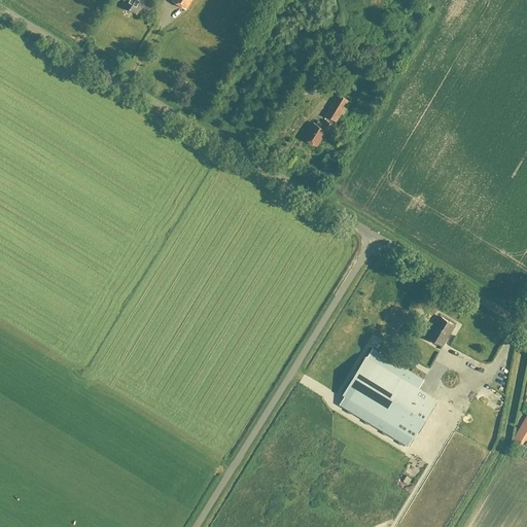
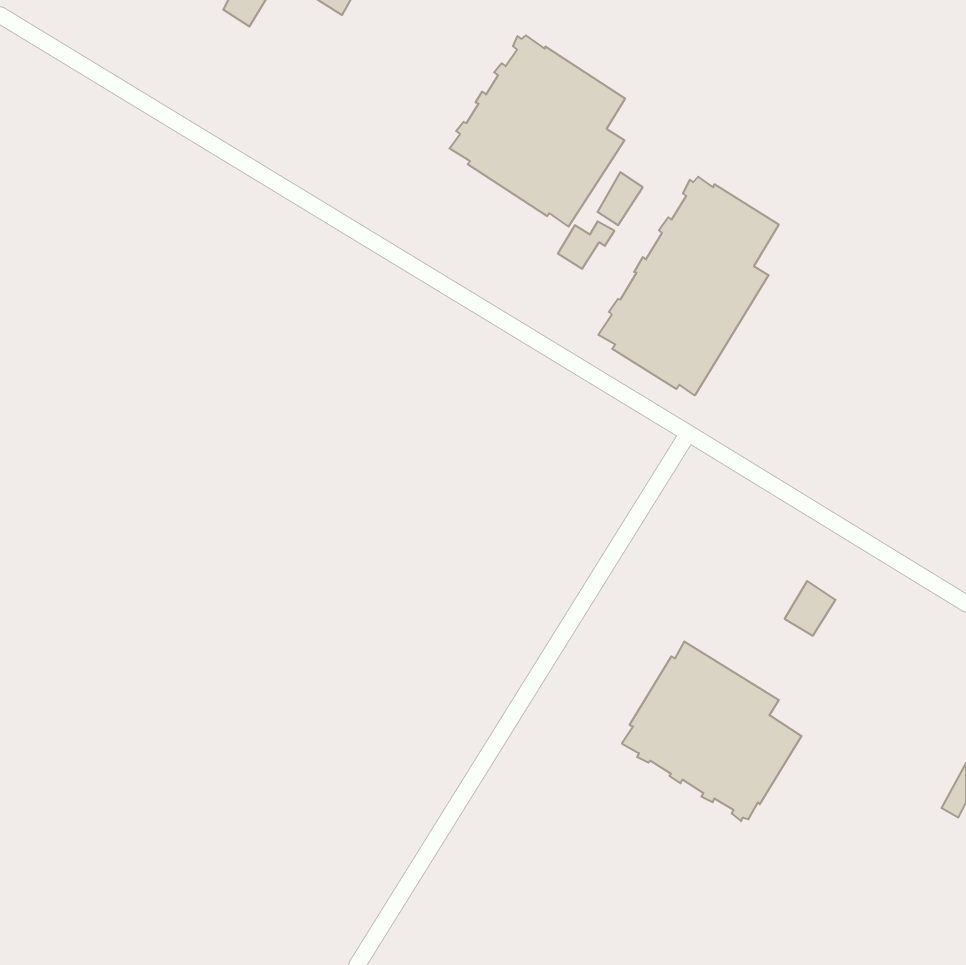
building: none -> [449,35,625,227]
building: none -> [598,177,779,395]

